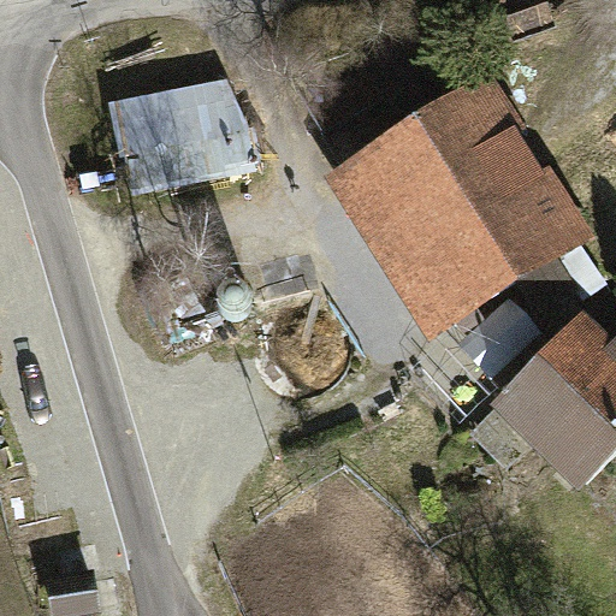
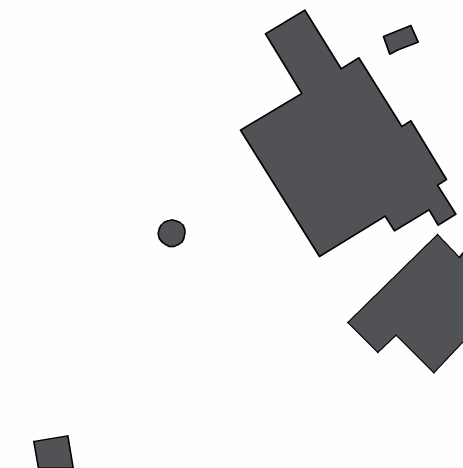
building: [111,82,254,199] -> none

